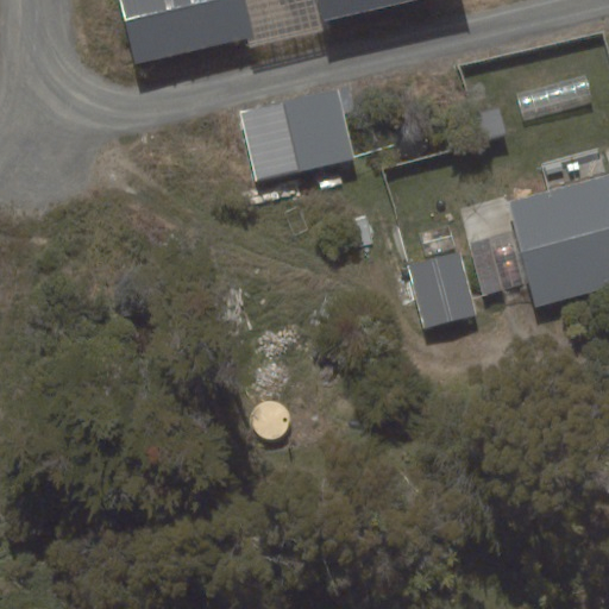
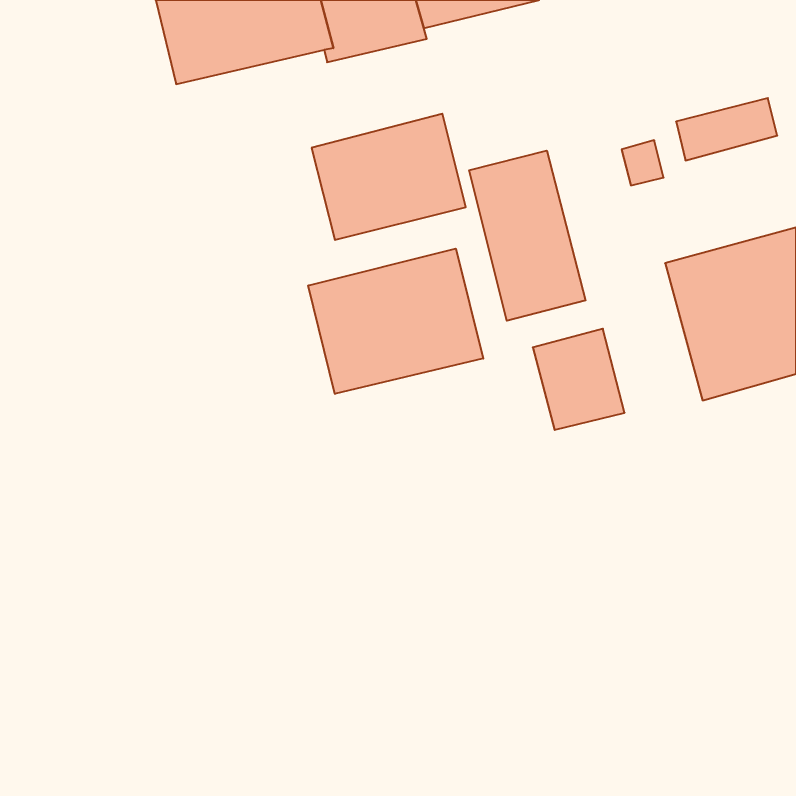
building: none -> [469,151,586,321]
building: none -> [308,249,483,394]

